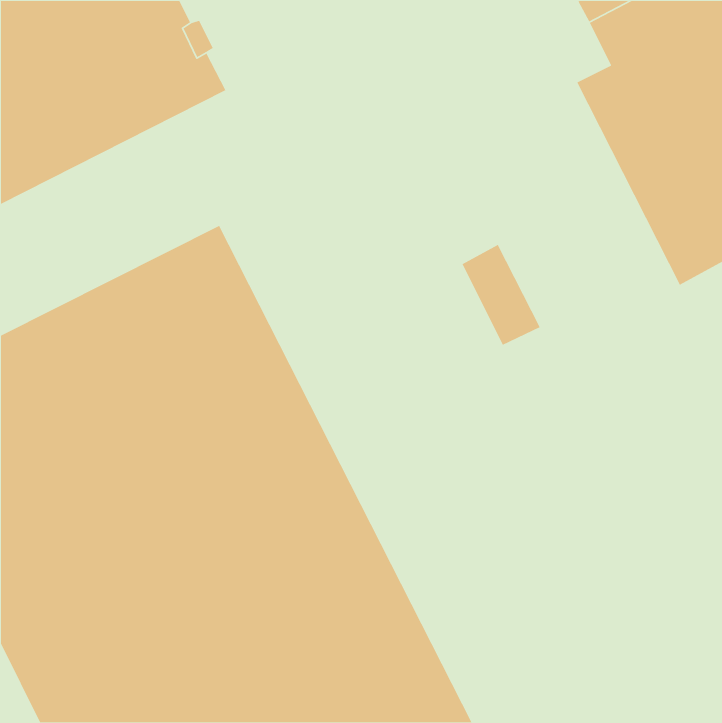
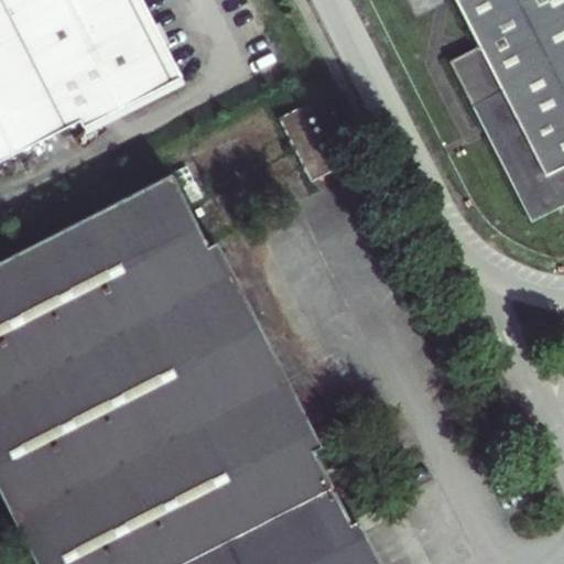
building: [462,244,541,346] -> [284,104,346,183]

